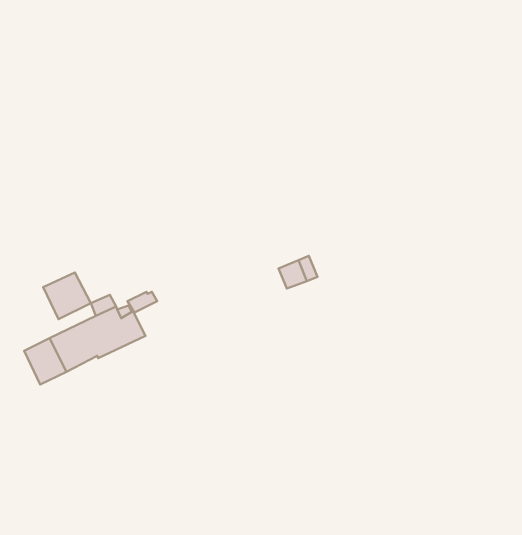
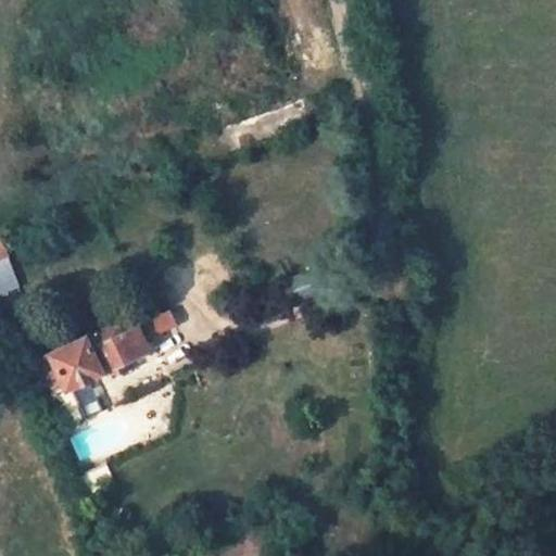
building: [43,272,91,319] -> none

